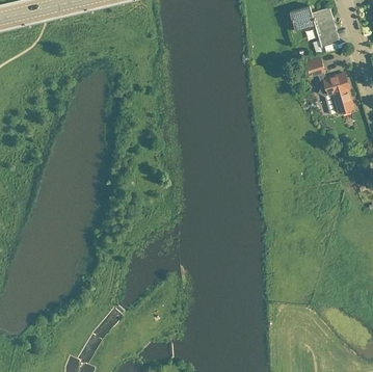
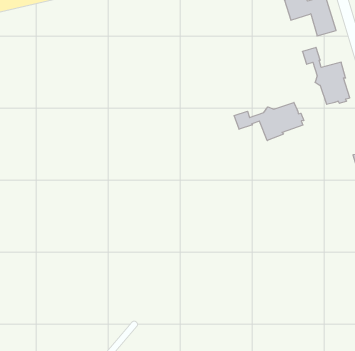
building: none -> [234,102,304,141]

